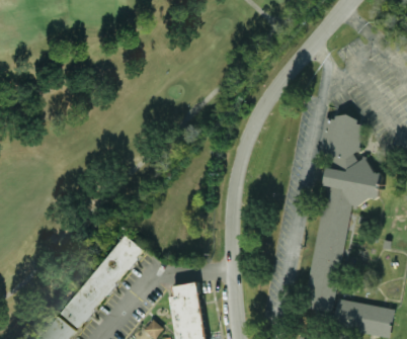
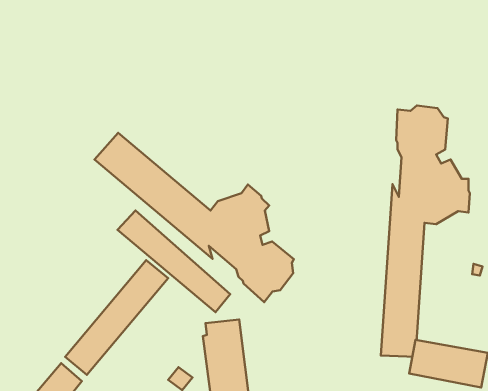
building: none -> [94,133,294,302]
building: none -> [117,210,230,312]

